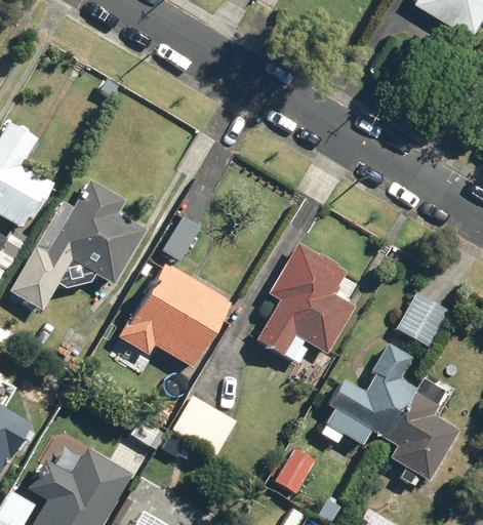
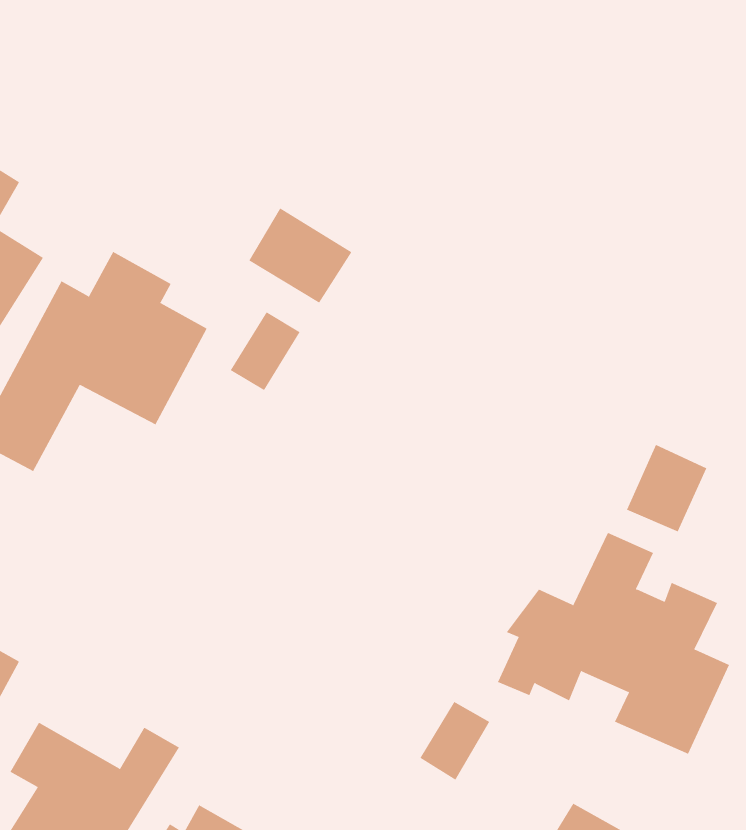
building: none -> [248,207,352,304]
building: [255,242,356,356] -> none
building: [120,261,234,369] -> none

